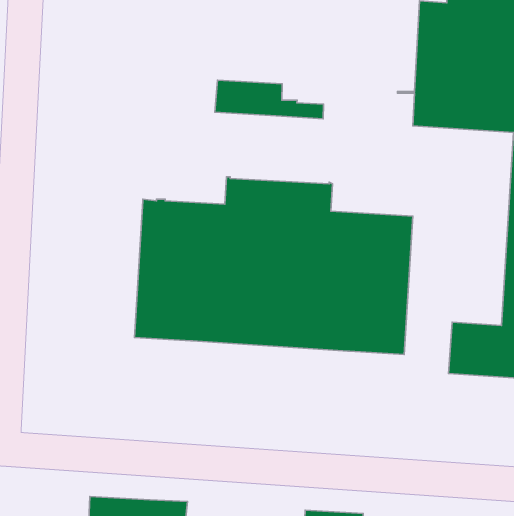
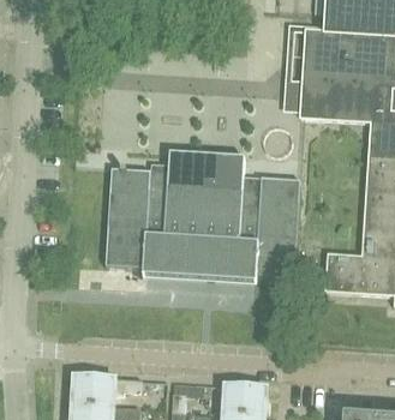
building: [215,80,323,119] -> none

